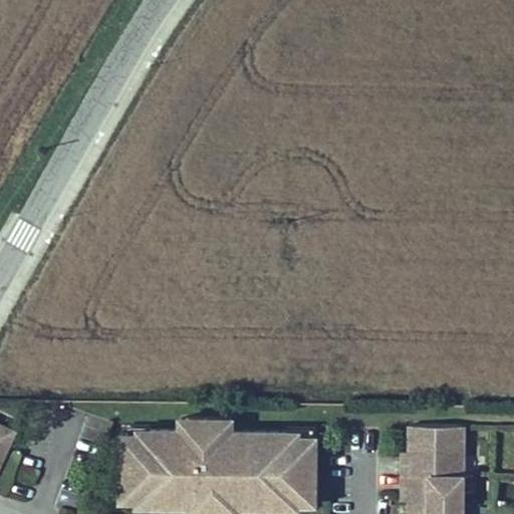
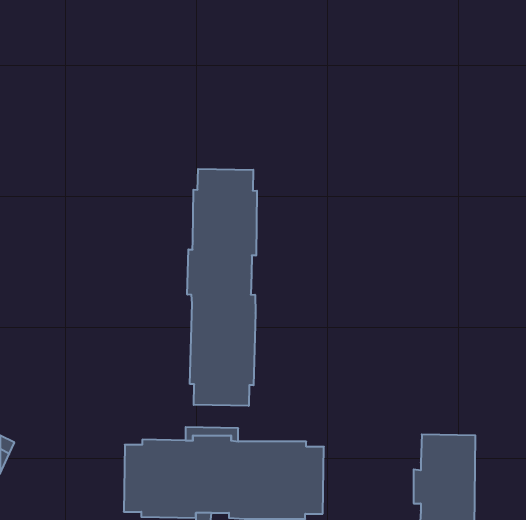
building: none -> [187,169,257,406]

